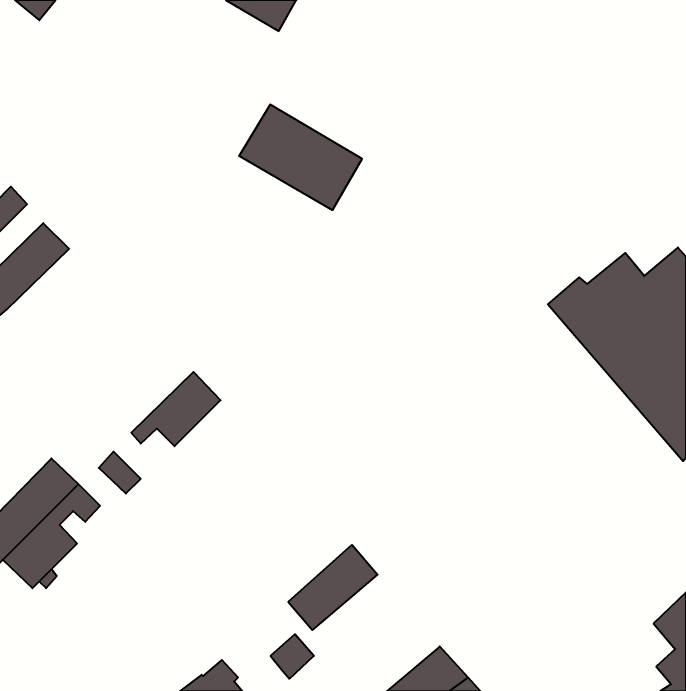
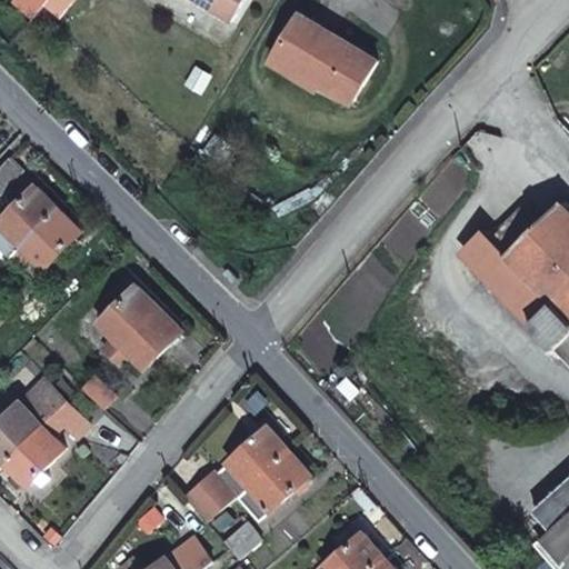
building: [239,105,362,210] -> [271,12,372,99]
building: none -> [6,204,81,266]
building: none -> [99,283,159,356]
building: none -> [186,425,289,521]

